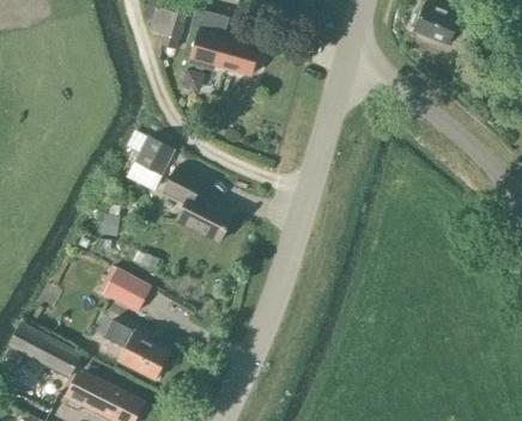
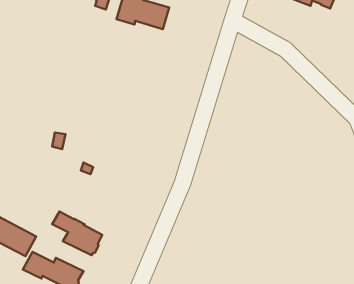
building: [135,136,172,175] -> none
building: [162,165,233,242] -> none
building: [102,268,150,311] -> none

